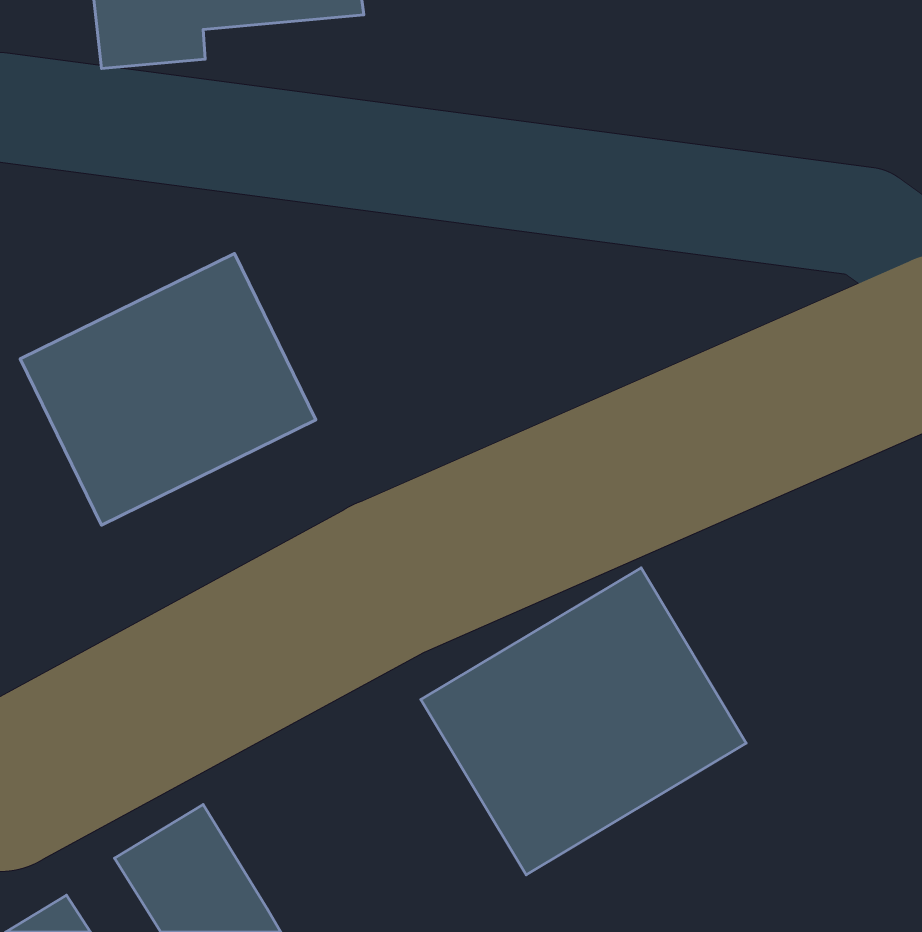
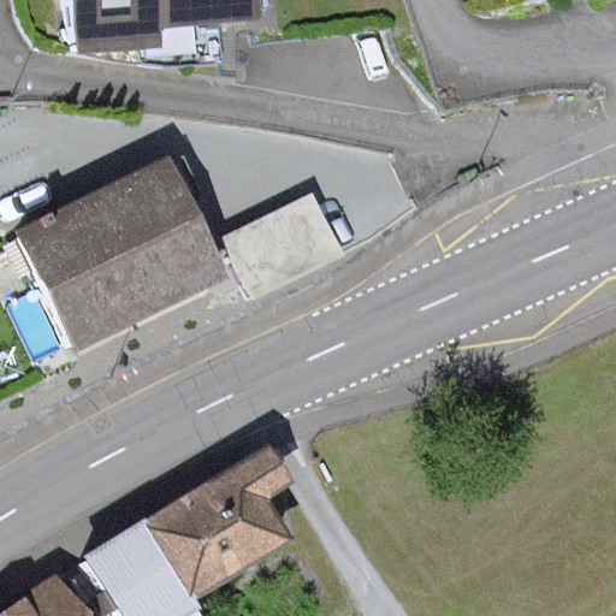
building: [421,568,746,875] -> none
building: none -> [147,451,284,592]

